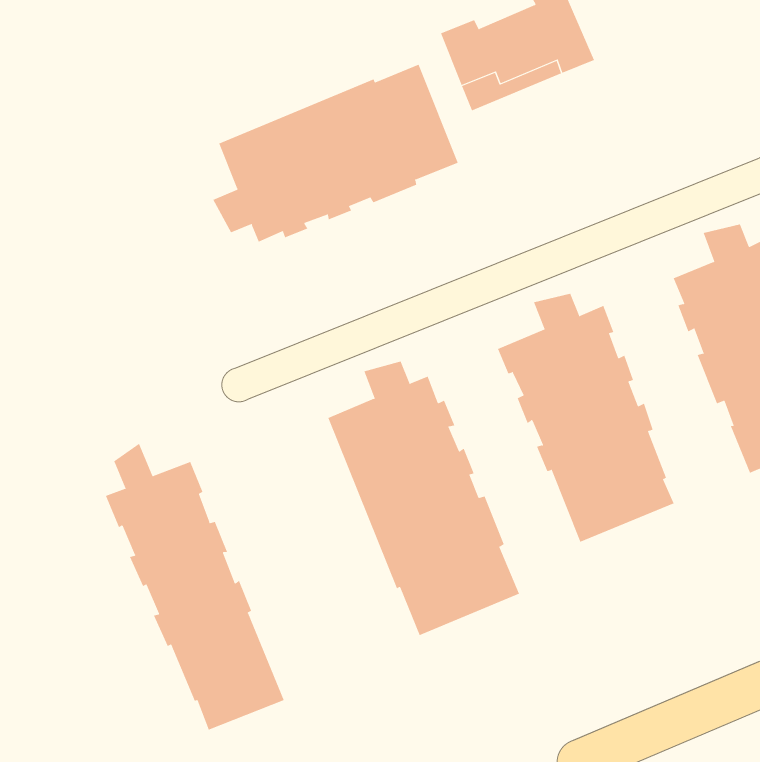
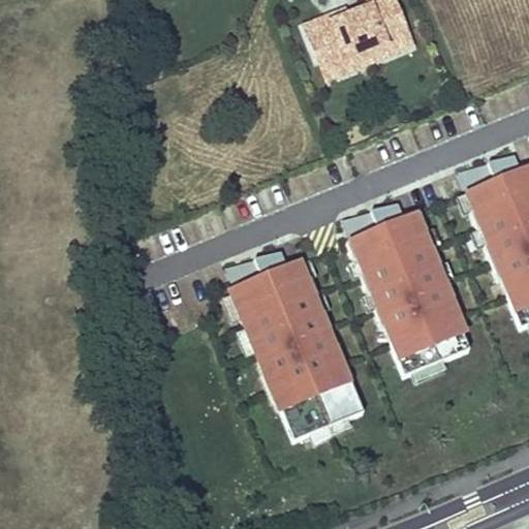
building: [213,64,459,242] -> none
building: [105,443,285,731] -> none

